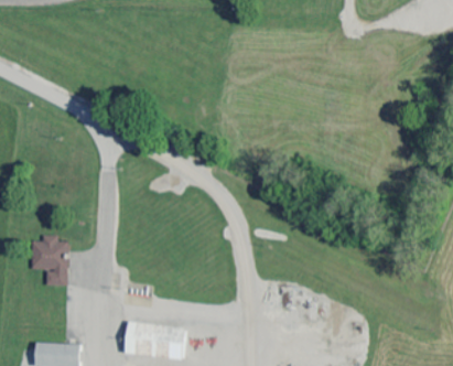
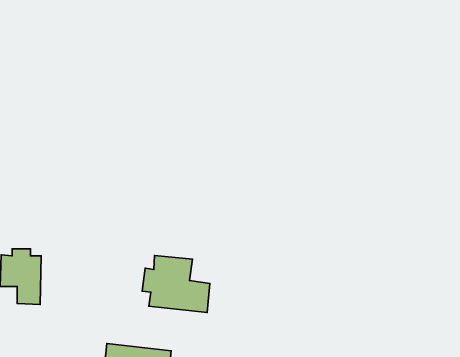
building: none -> [142,255,210,313]

